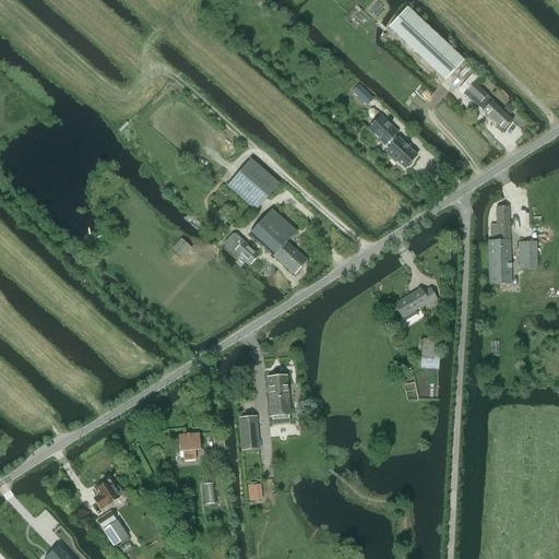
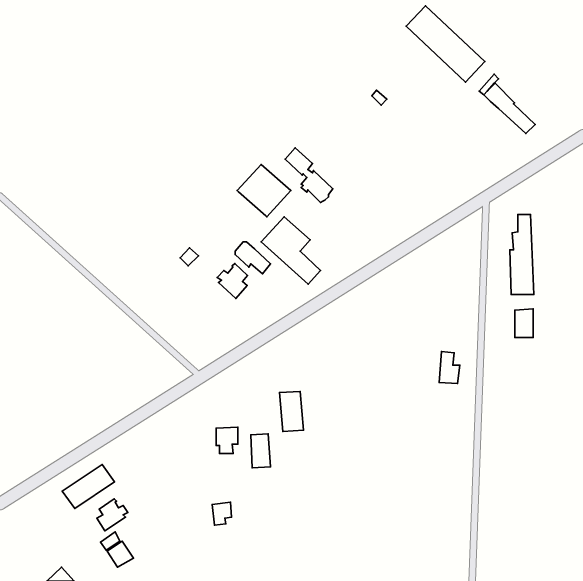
building: [370,115,416,167] -> [285,148,333,202]
building: [520,239,537,266] -> [515,309,533,338]
building: none -> [217,264,247,298]
building: [395,286,438,319] -> none
building: [178,433,199,459] -> [216,427,238,453]
building: none -> [62,465,115,508]

